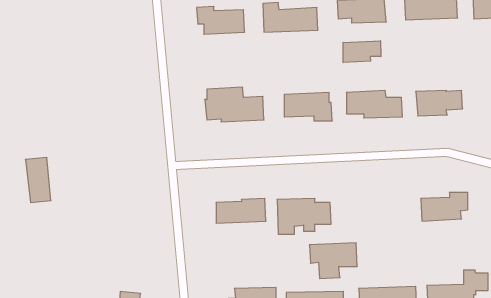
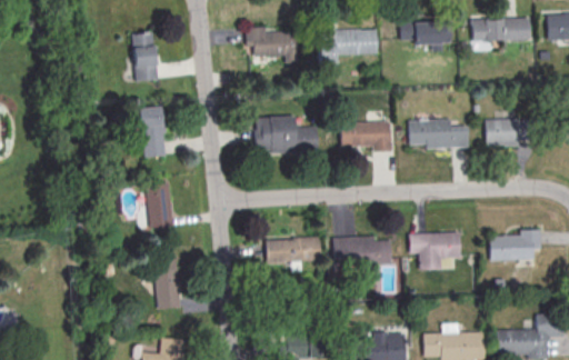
building: none -> [131,33,159,82]
building: [343,41,381,63] -> none
building: none -> [140,109,167,158]
building: [25,158,51,203] -> [146,182,173,231]
building: none -> [153,259,181,309]
building: [309,243,357,279] -> [409,232,461,271]

